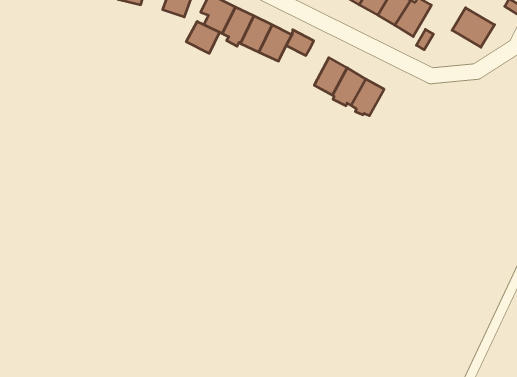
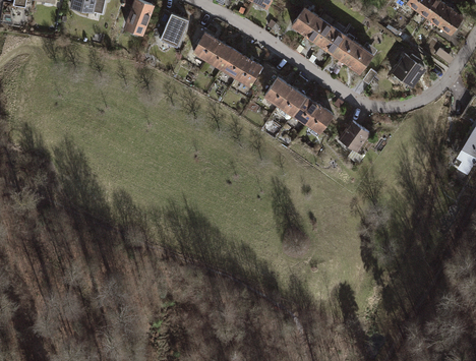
building: [186,21,220,53] -> none
building: none -> [259,76,291,111]
building: none -> [338,119,370,152]

